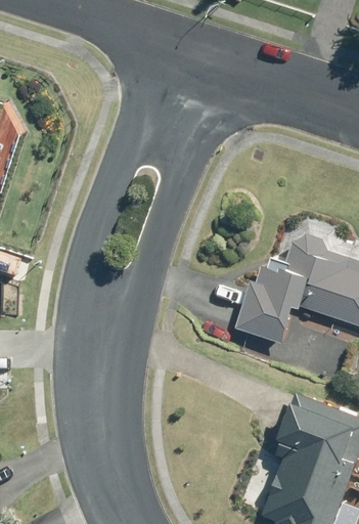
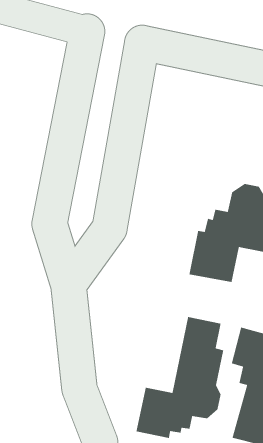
building: none -> [136,316,224,439]

